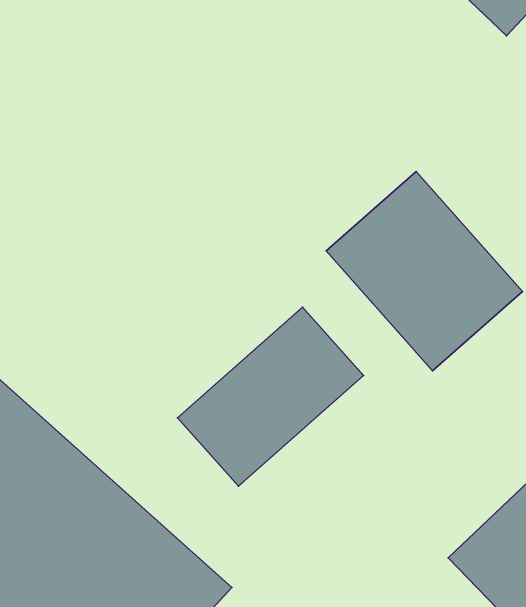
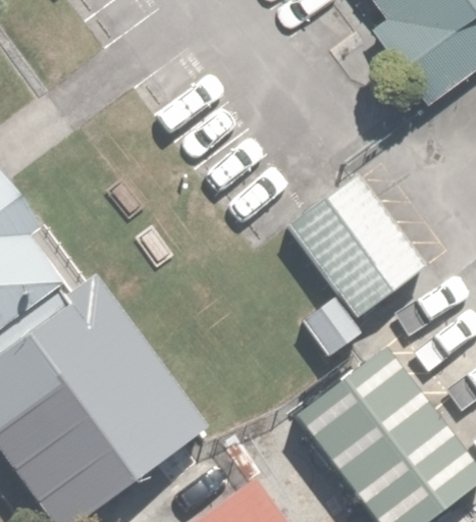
building: [177,307,364,486] -> none

